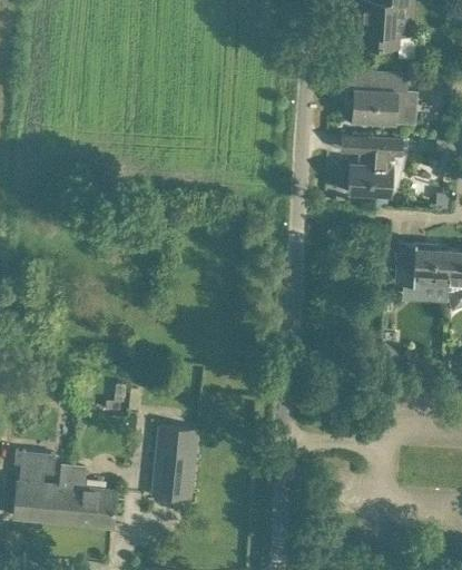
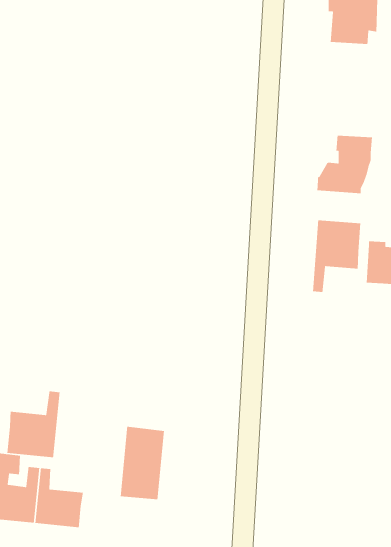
building: [351,72,410,125] -> none
building: none -> [312,220,361,293]
building: none -> [6,391,61,458]

